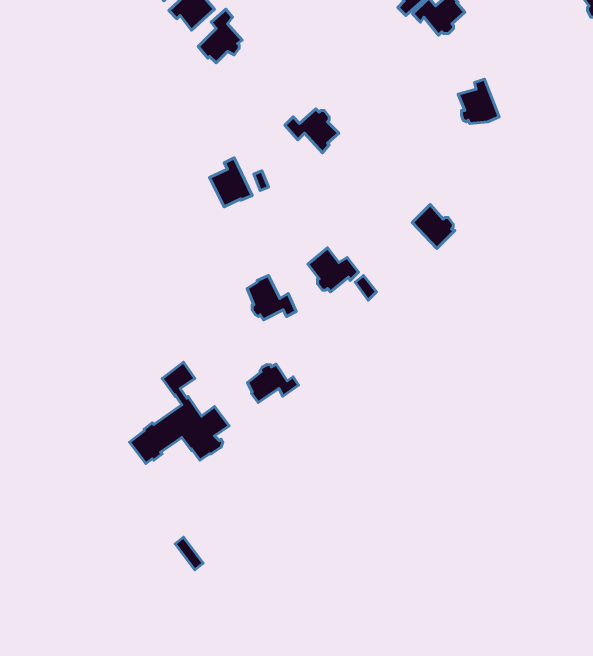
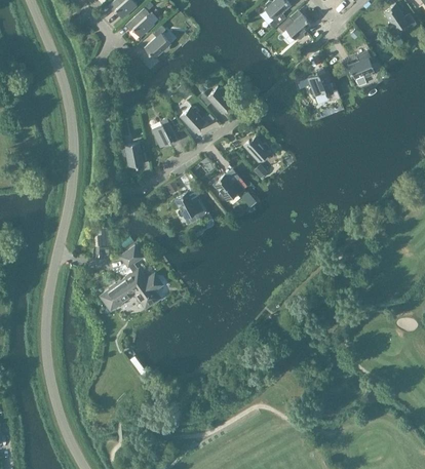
building: none -> [348,50,375,79]
building: none -> [181,106,207,133]
building: none -> [123,142,145,166]
building: [412,204,455,249] -> [244,134,271,162]
building: [248,364,299,402] -> none

